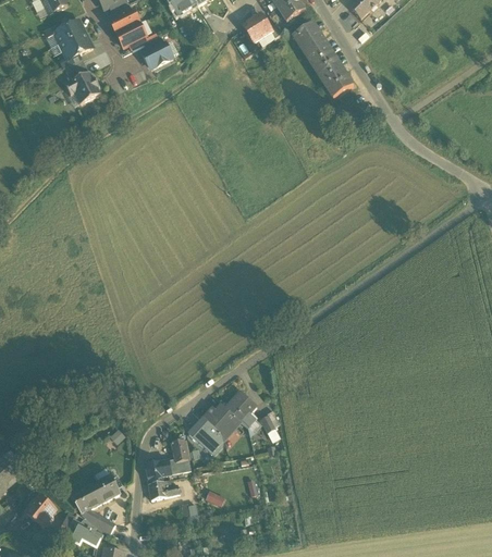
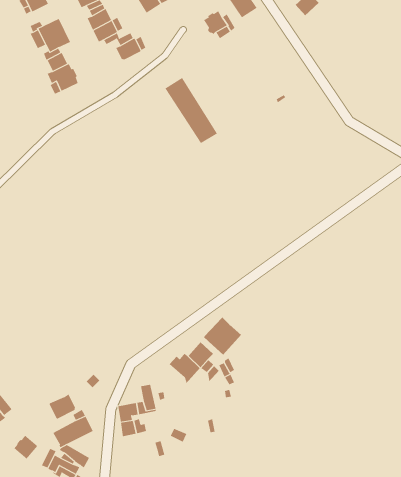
building: [293,22,354,98] -> [164,77,218,144]
building: none -> [203,317,242,355]
building: [188,416,224,453] -> none
building: none -> [49,394,76,420]

